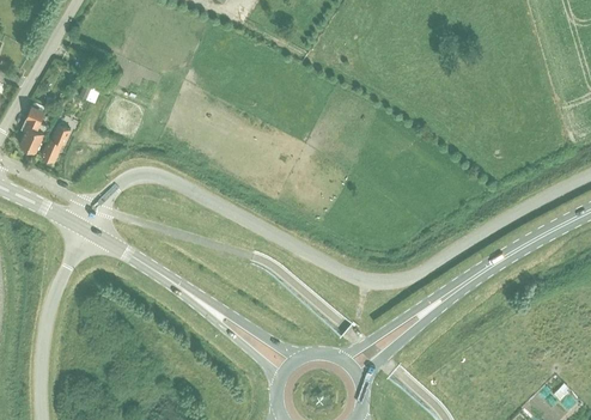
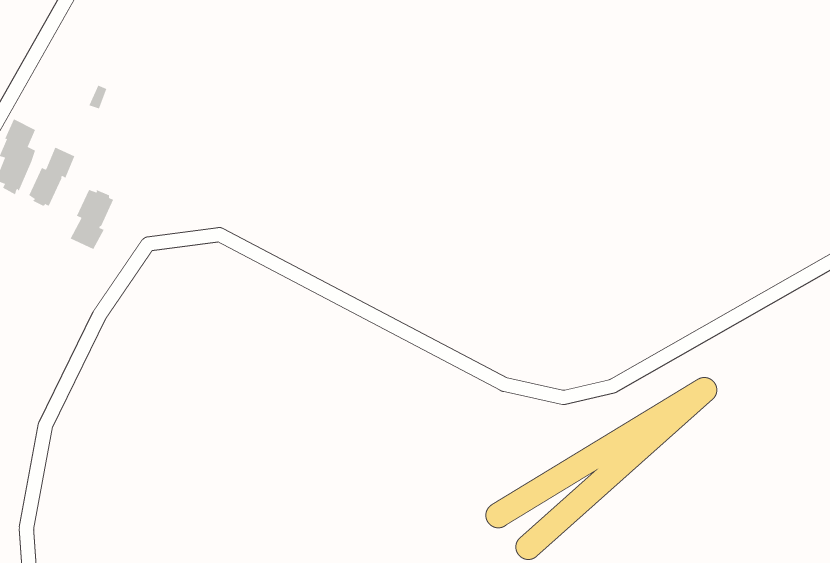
building: none -> [70,189,114,250]

